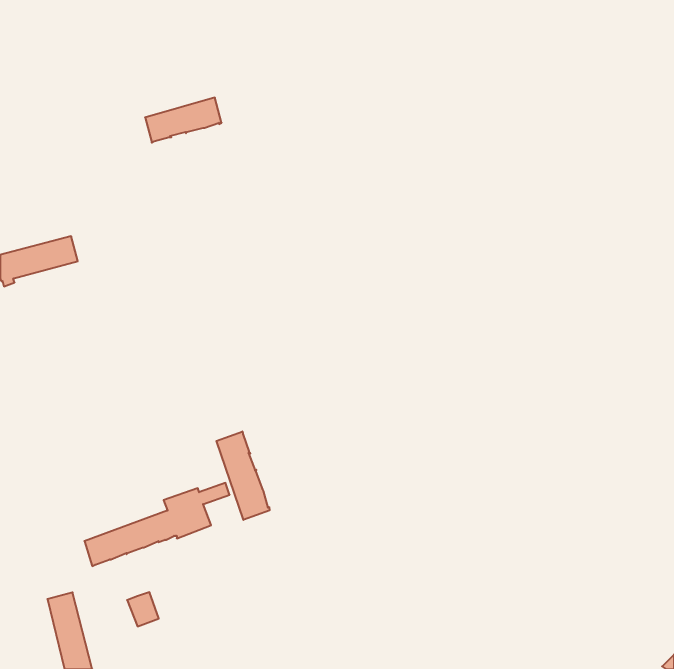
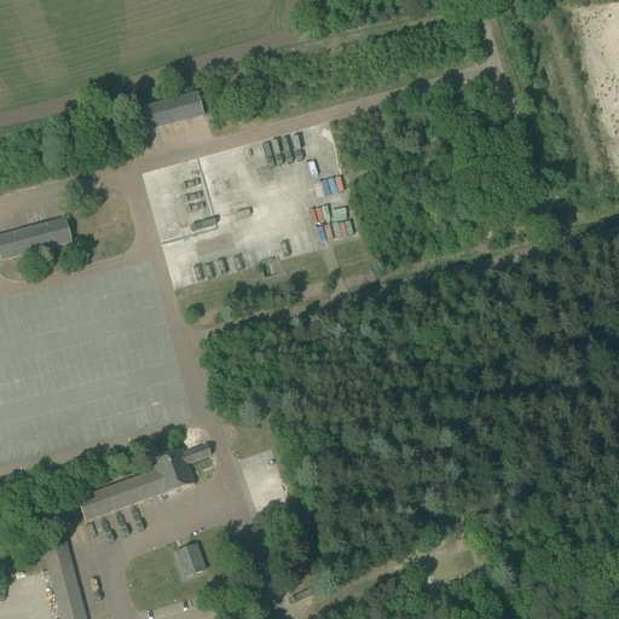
building: [216,431,270,520] -> none
building: [127,592,159,626] -> [175,543,204,574]

